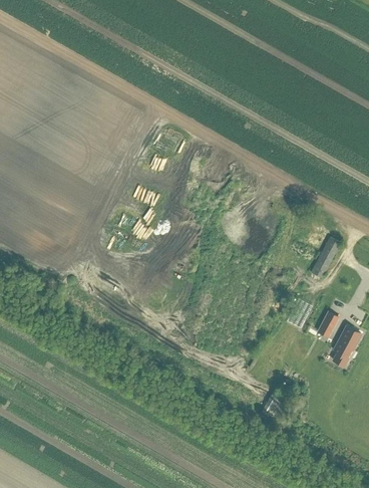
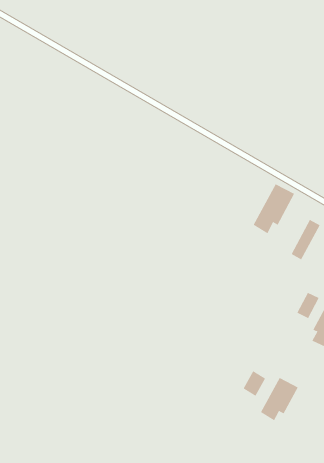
building: none -> [253,184,295,234]
building: none -> [260,377,299,421]

